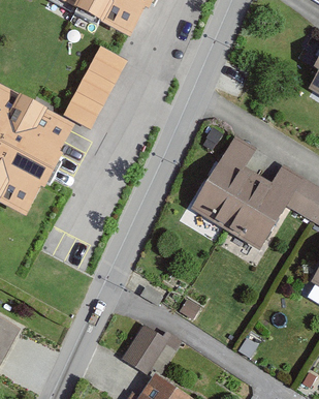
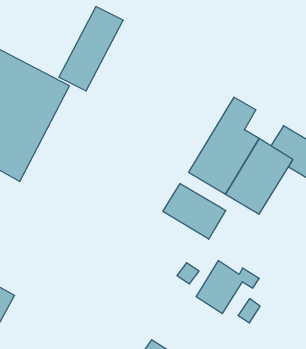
building: none -> [163,184,226,239]
building: [120,323,182,374] -> [196,261,259,313]

